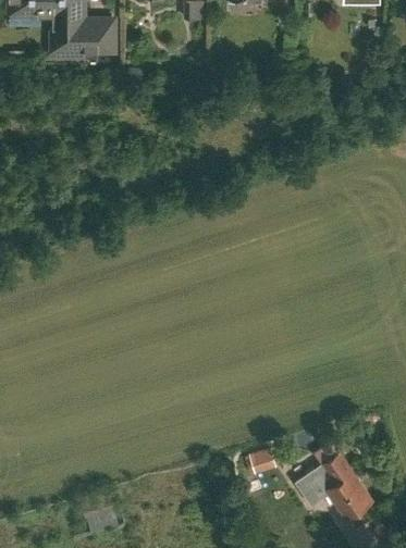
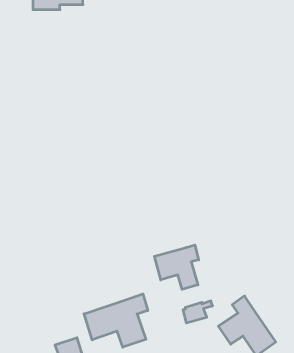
building: none -> [154,245,199,289]
building: none -> [84,294,148,347]

